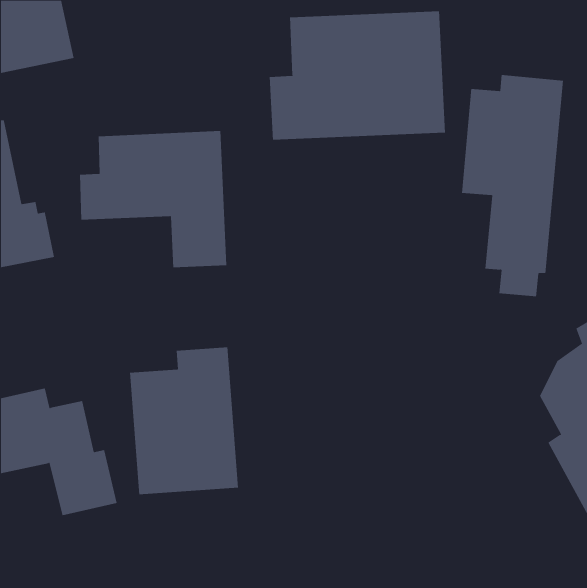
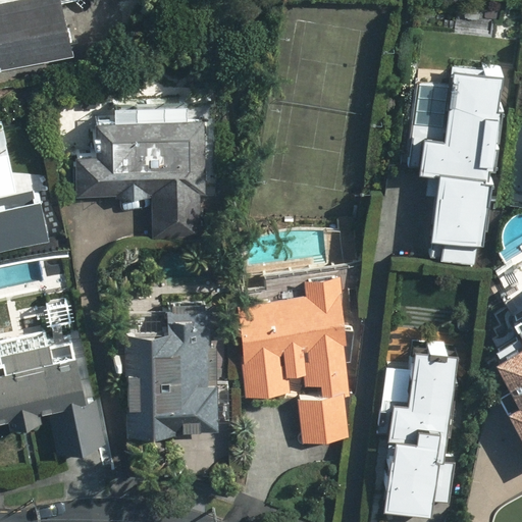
building: [269,11,445,141] -> none
building: none -> [236,278,356,445]
building: none -> [378,347,454,511]

